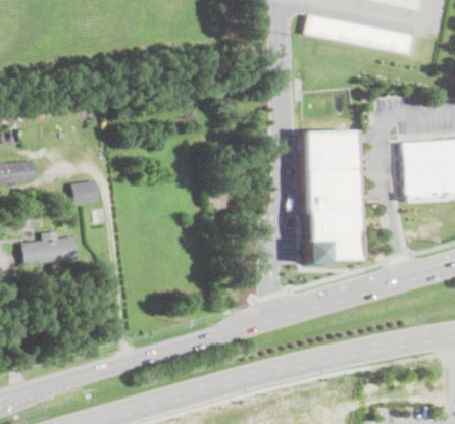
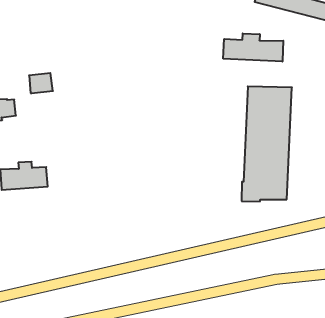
building: none -> [223,33,283,62]
building: [75,181,104,206] -> [29,73,53,93]

